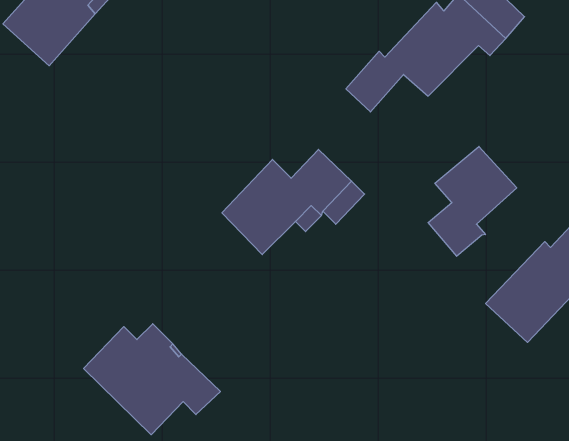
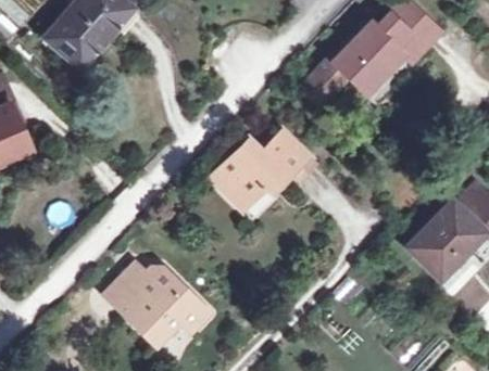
building: [428,146,517,256] -> none

